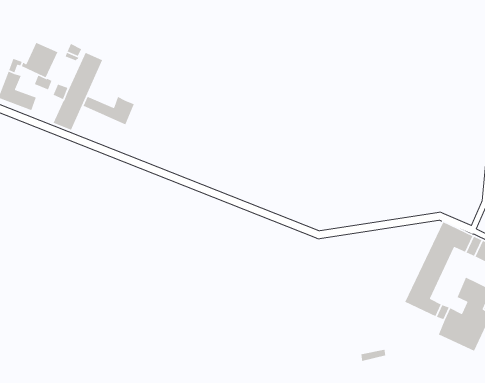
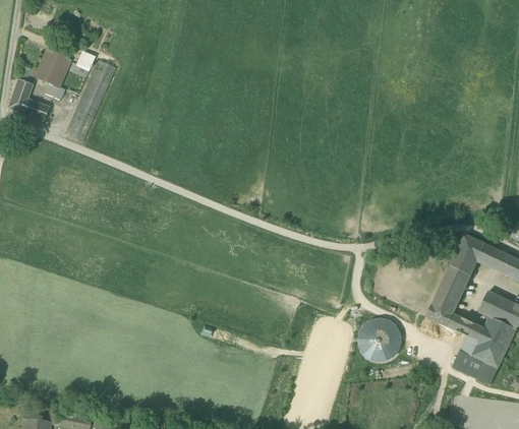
building: [82,96,135,126] -> none
building: none -> [358,318,401,360]
building: none -> [453,350,498,382]

